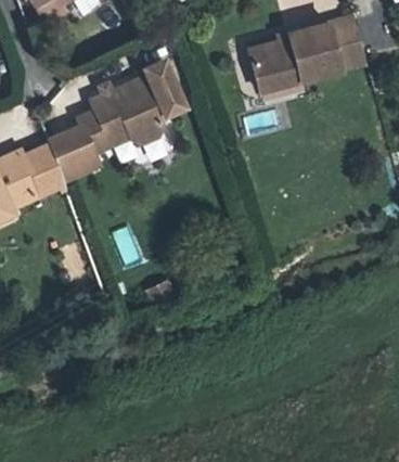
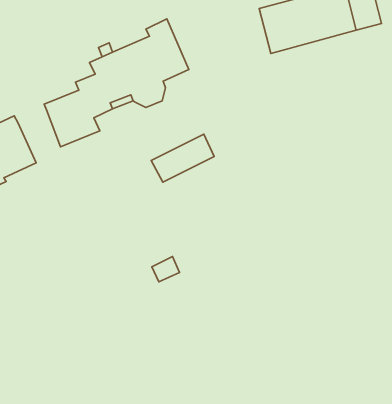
building: [24,144,65,194] -> none
building: none -> [151,134,214,182]

